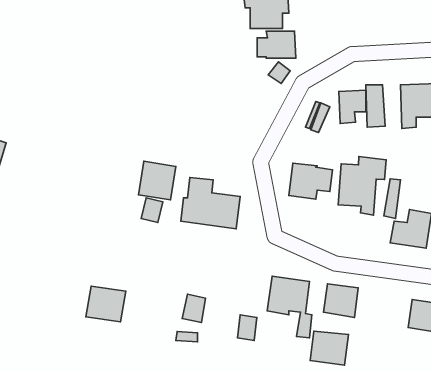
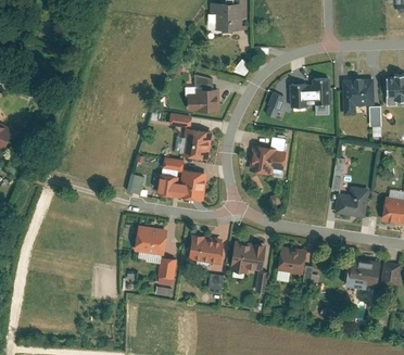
building: [257,31,296,58] -> [188,89,220,112]
building: [338,157,386,215] -> none
building: [139,161,176,200] -> [181,128,213,161]
building: none -> [187,234,224,266]
building: [86,286,126,322] -> [134,225,167,255]
building: [310,331,348,365] -> none

